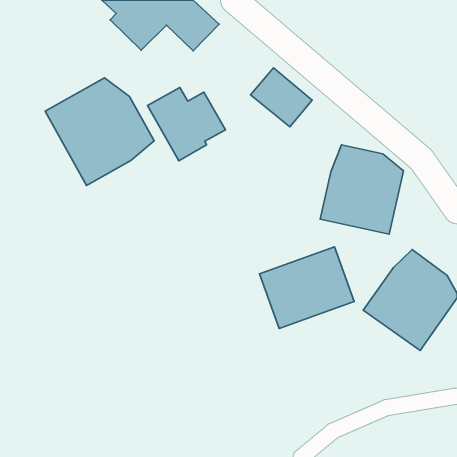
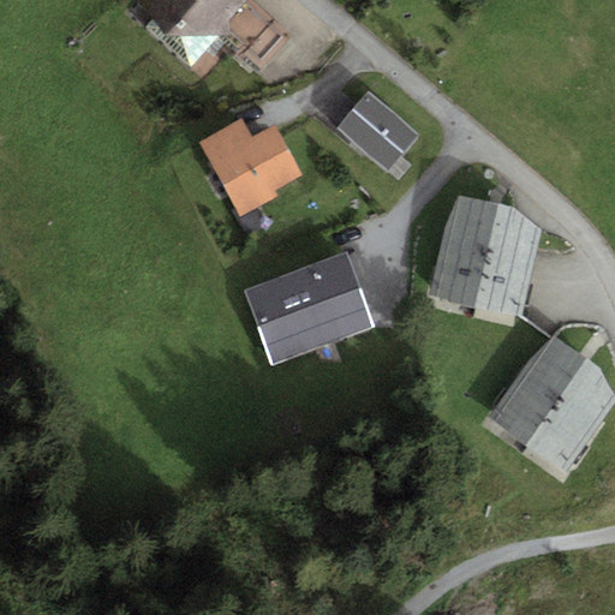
building: [45,78,154,185] -> none
building: [259,247,354,328] -> [245,252,372,362]

